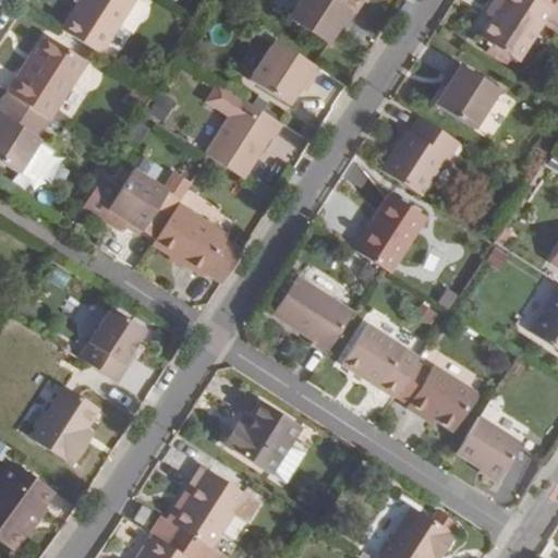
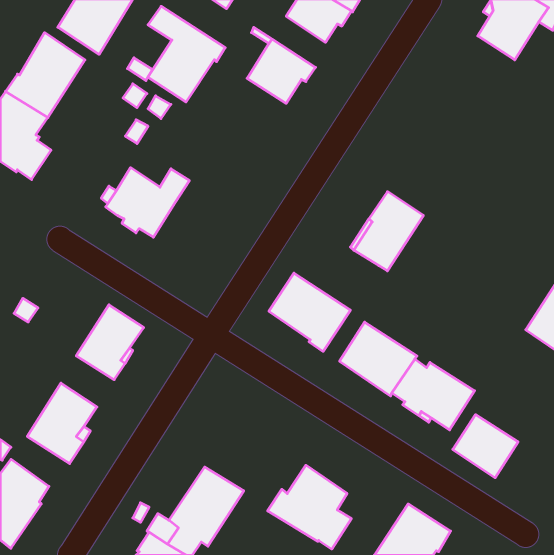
building: [434,59,499,128] -> none
building: [205,82,282,178] -> [148,6,225,102]
building: [380,116,459,194] -> none
building: [153,203,242,281] -> none
building: [221,397,305,481] -> [268,465,351,549]

